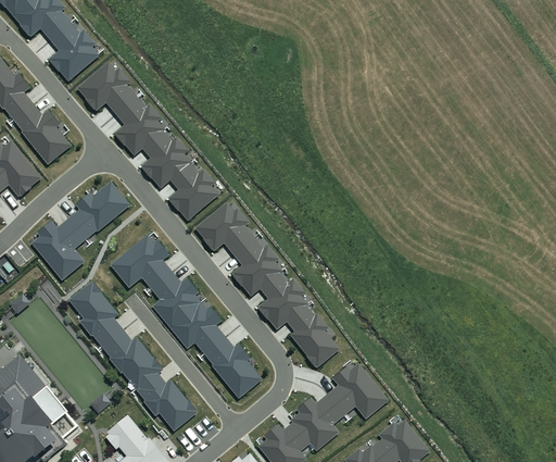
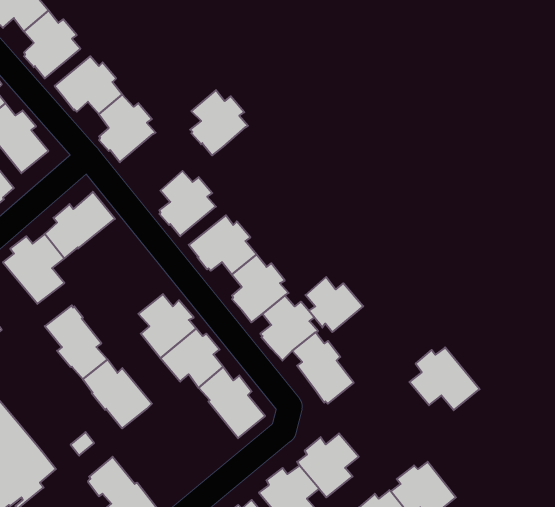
building: [140,129,191,187] -> [190,90,248,155]
building: [110,234,172,288] -> none
building: none -> [305,277,363,332]
building: [327,363,389,419] -> [409,347,480,410]
building: [136,372,197,430] -> none

